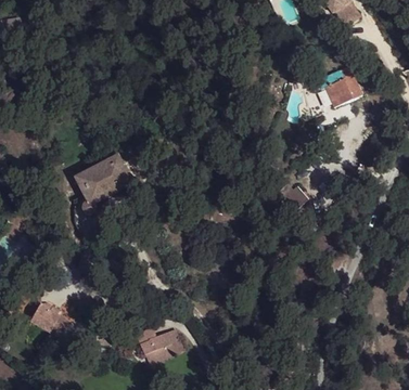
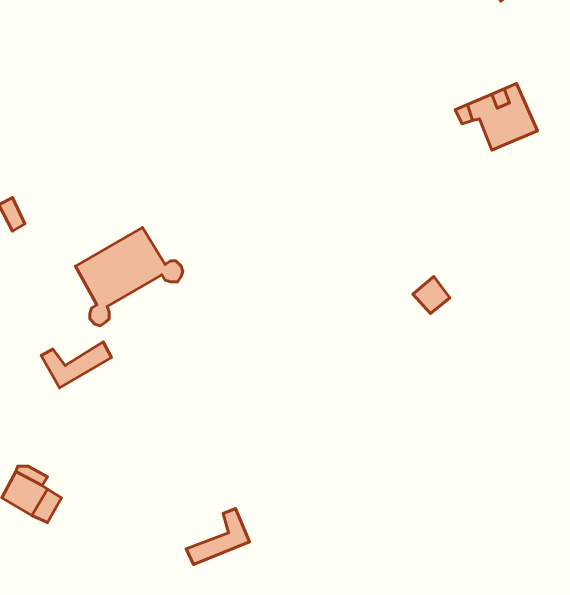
building: none -> [41,342,112,388]
building: [136,329,170,353] -> none

